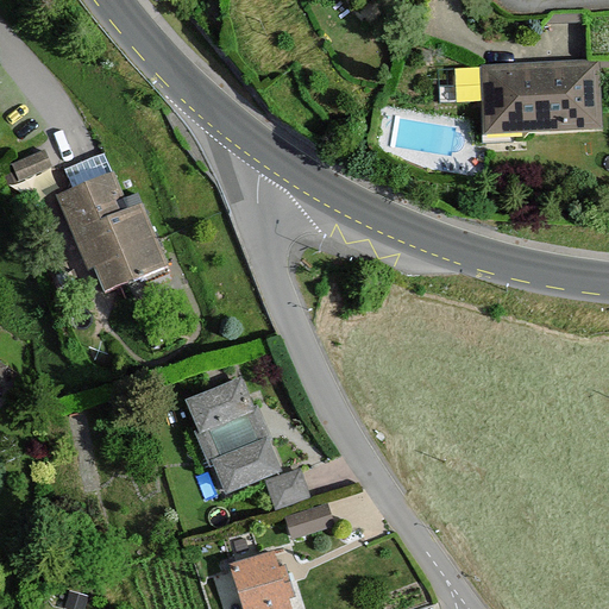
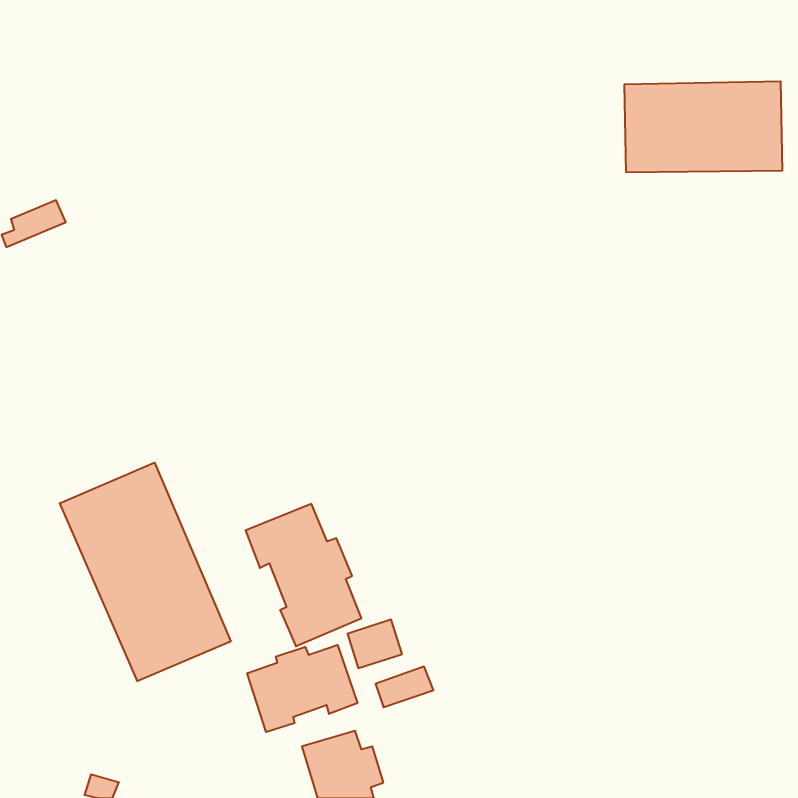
building: [55,152,167,291] -> none
building: none -> [60,463,231,681]
building: none -> [247,645,357,732]

